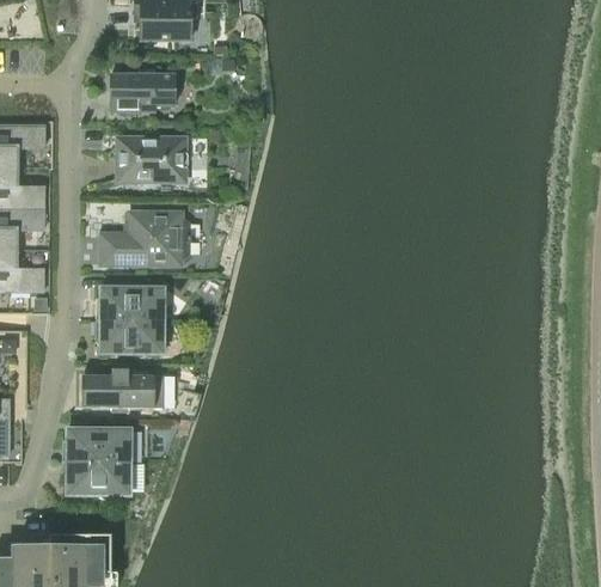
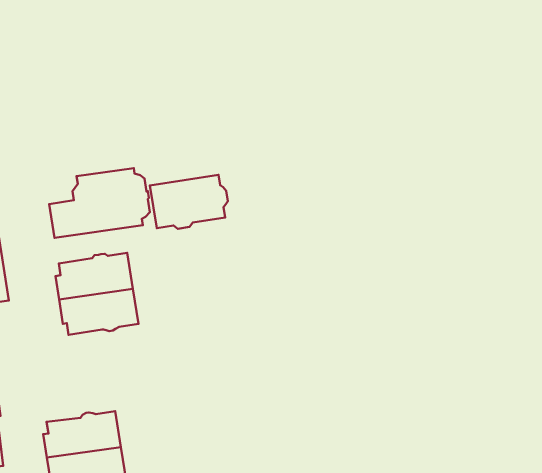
building: [108,67,177,111] -> none
building: [117,139,185,182] -> [150,175,228,229]
building: [79,368,160,411] -> none

